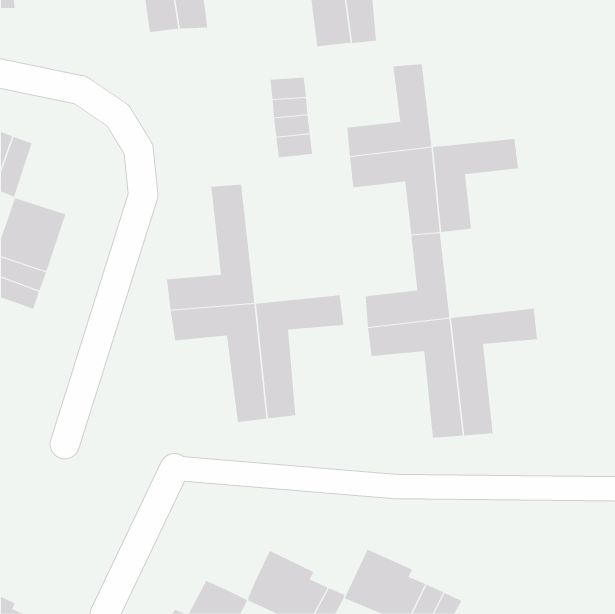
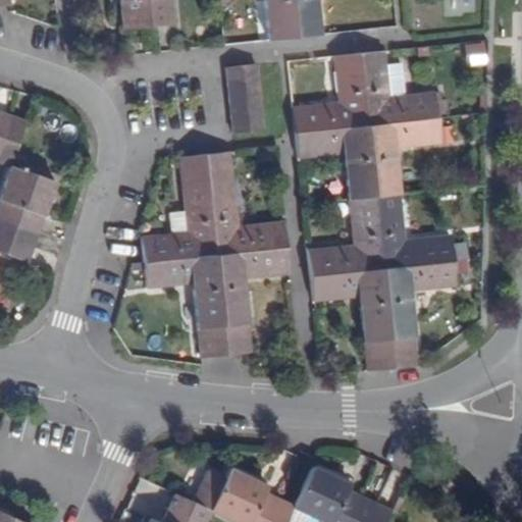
building: none -> [358,51,436,124]
building: none -> [205,154,289,257]
building: none -> [373,194,453,269]

